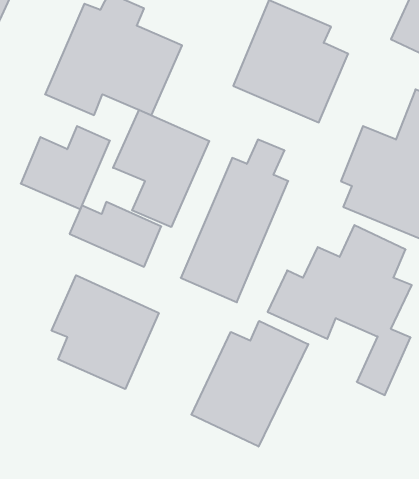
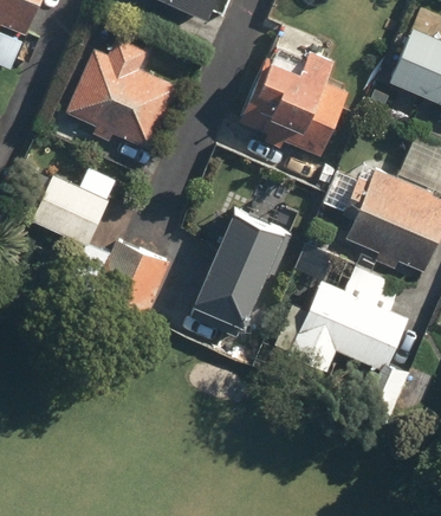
building: [113,110,209,227] -> none
building: [52,275,159,389] -> none
building: [191,321,308,447] -> none

